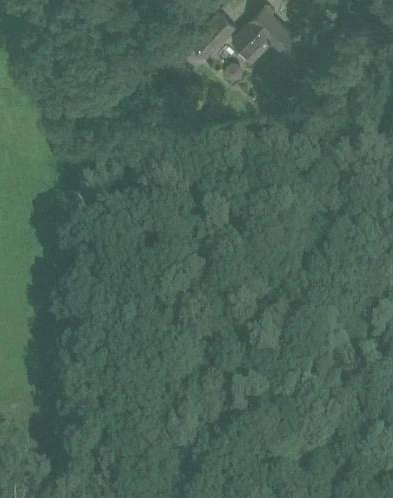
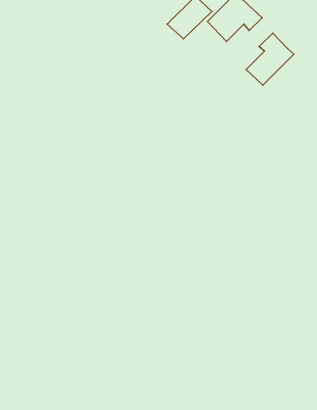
building: none -> [246,33,294,85]

